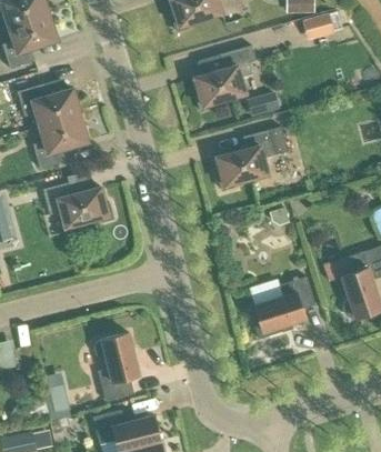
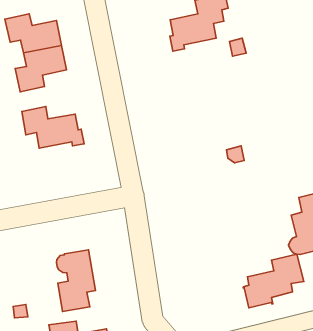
building: [217,127,288,191] -> none
building: [251,277,315,339] -> [243,254,304,308]

